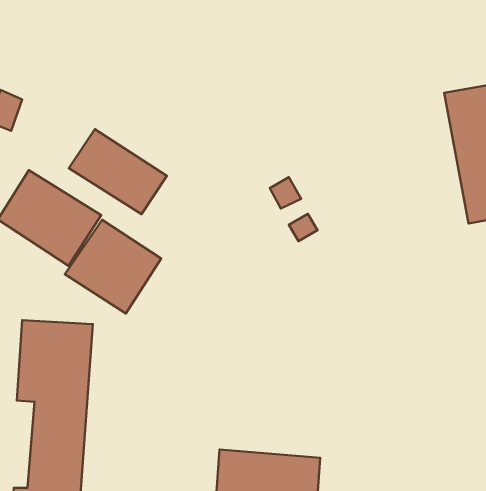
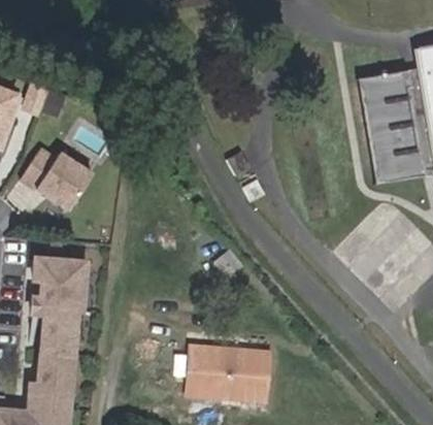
building: [69,129,167,214] -> none
building: [65,220,161,314] -> none

